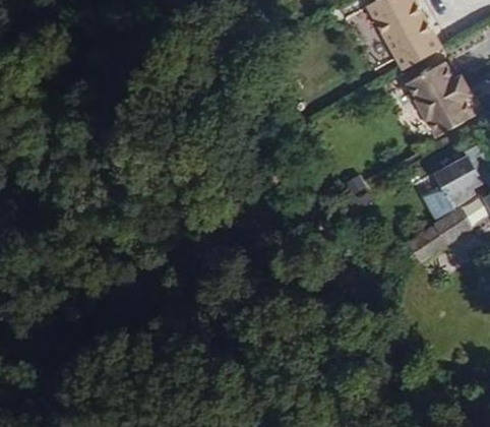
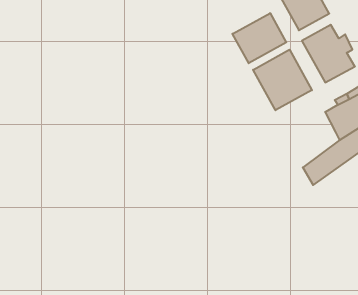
building: none -> [232,13,286,63]
building: none -> [253,50,312,110]

